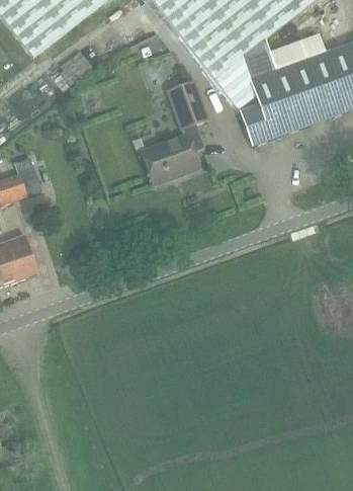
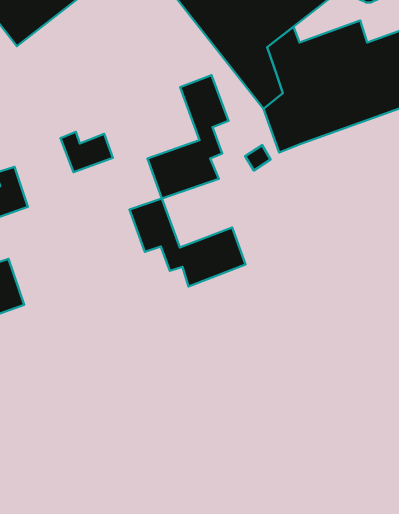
building: none -> [61,132,113,172]
building: none -> [130,198,245,286]

